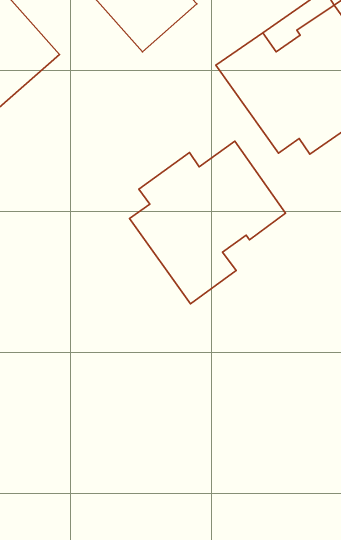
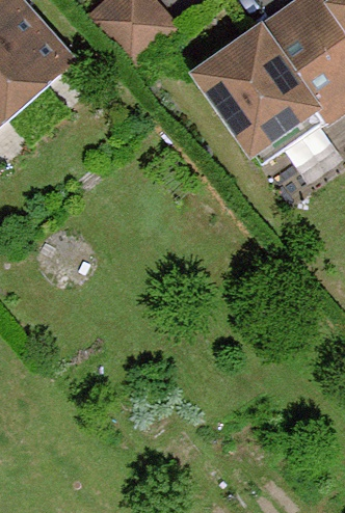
building: [130,141,285,304] -> none

